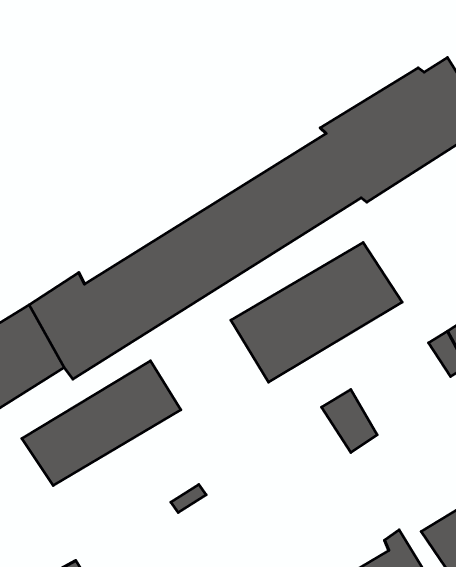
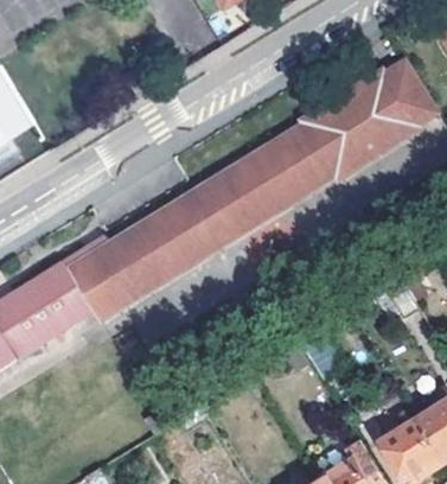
building: [231,243,402,382] -> none
building: [22,361,181,485] -> none

